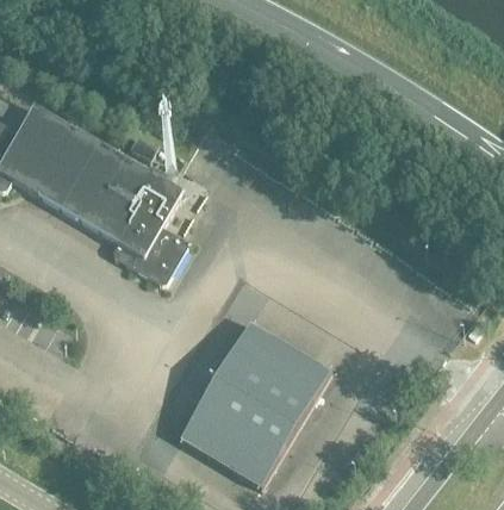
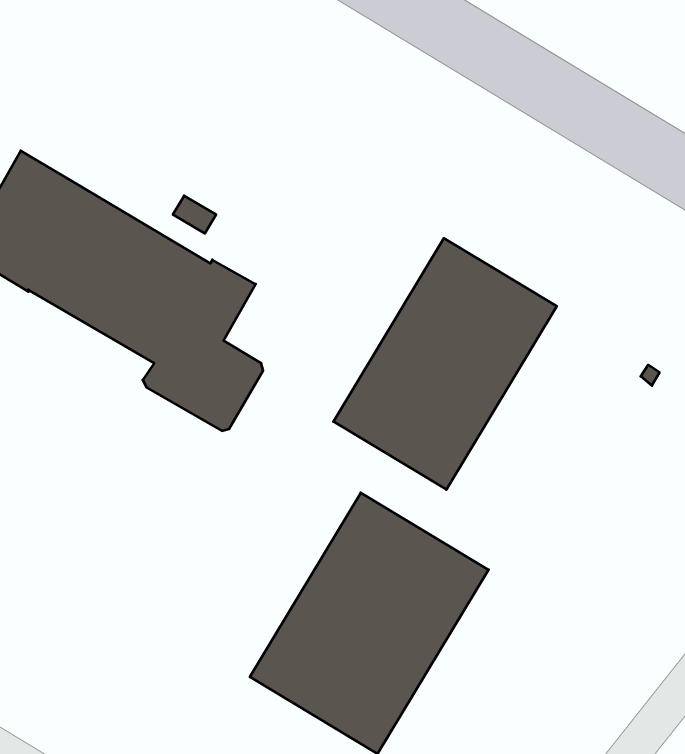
building: none -> [333,238,557,490]

